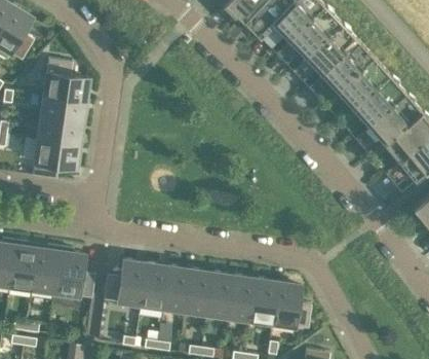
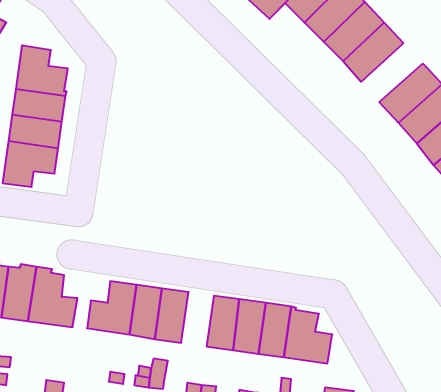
building: [337,58,389,108] -> none
building: [184,270,211,316] -> none

